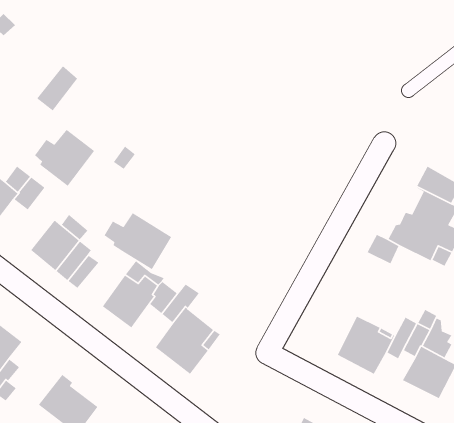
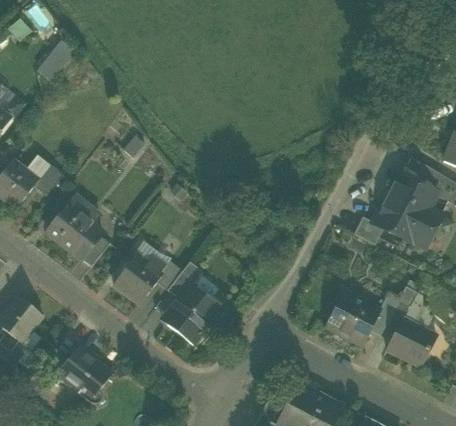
building: [36,65,78,112] -> [36,40,74,82]
building: [34,129,95,187] -> none
building: [104,212,172,270] -> none

